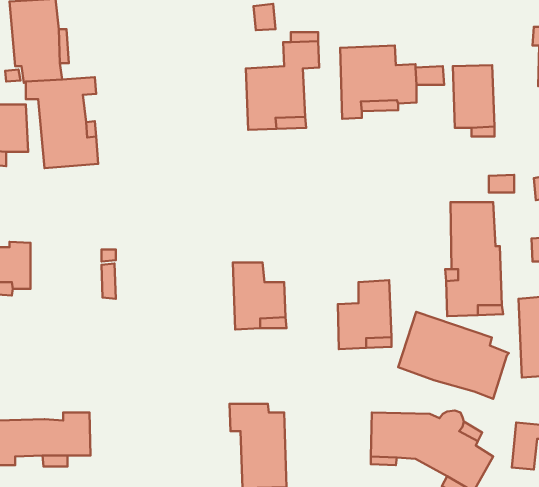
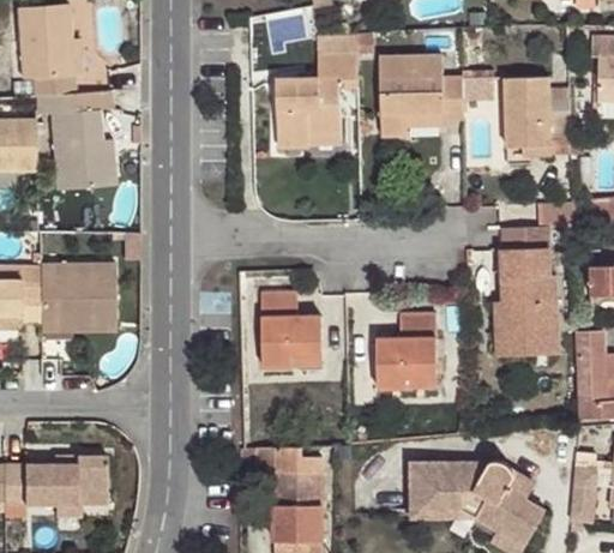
building: none -> [40,264,114,331]
building: [398,312,509,399] -> none

